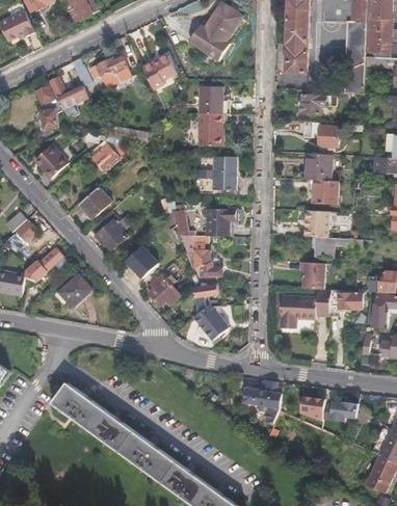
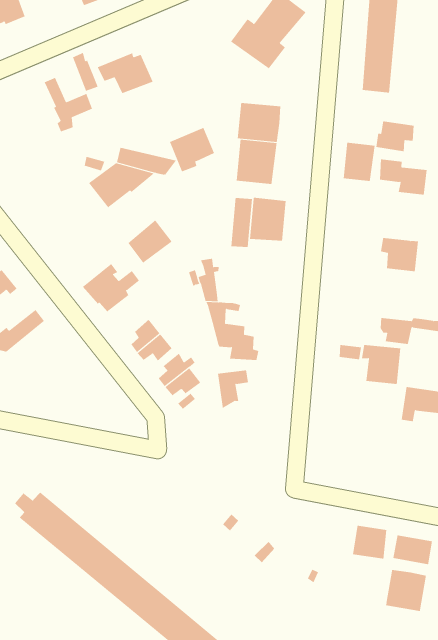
building: [142,53,177,87] -> [169,127,215,172]
building: [35,83,62,127] -> none
building: [34,145,69,179] -> none
building: [309,153,332,181] -> [343,142,376,182]
building: [79,185,112,218] -> [127,219,172,264]
building: [207,207,236,236] -> none
building: [305,210,329,238] -> none
building: [58,274,92,307] -> none
building: [280,288,329,324] -> none
building: [193,307,228,342] -> none
building: [242,380,283,408] -> none
building: none -> [385,569,427,612]

